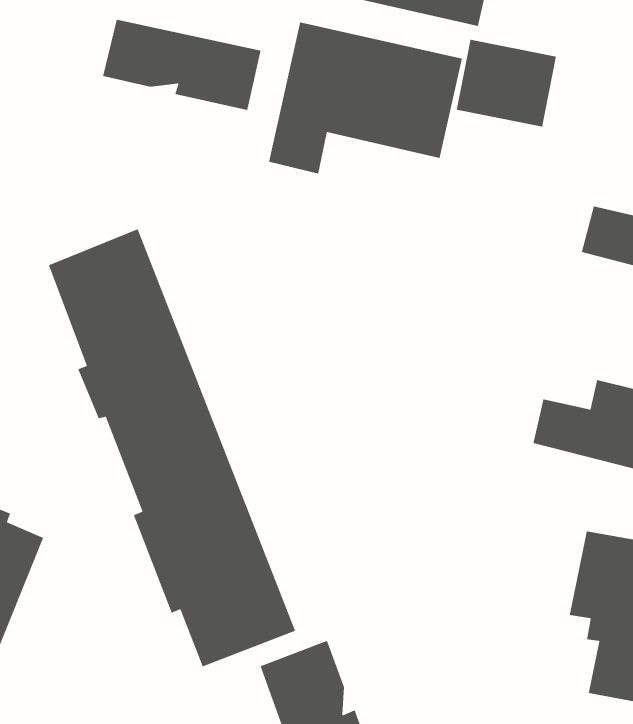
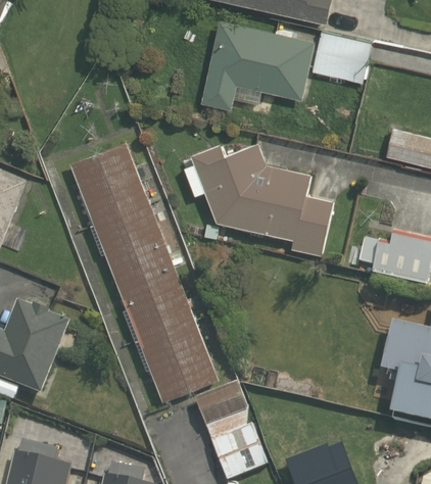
building: [102,19,261,111] -> none
building: none -> [192,143,333,256]

